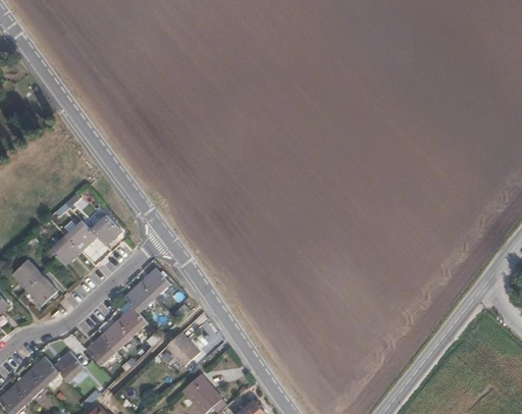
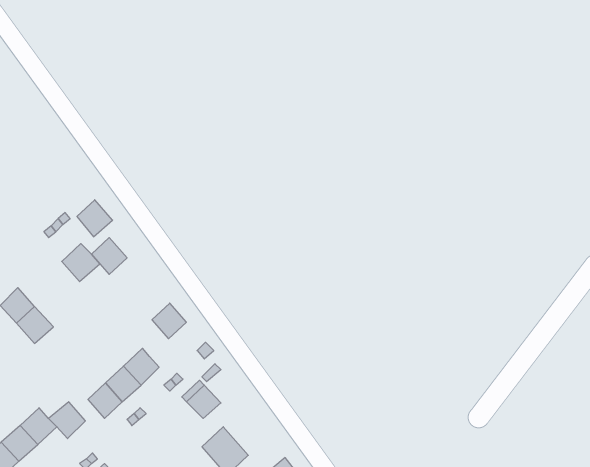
building: [47,232,77,264] -> [77,200,113,237]
building: [122,282,154,314] -> none

